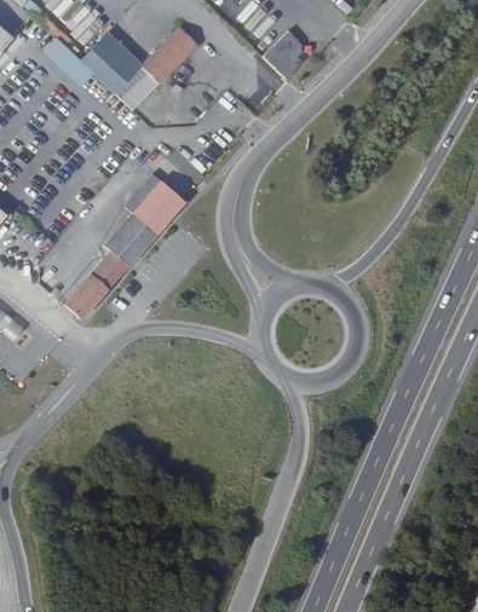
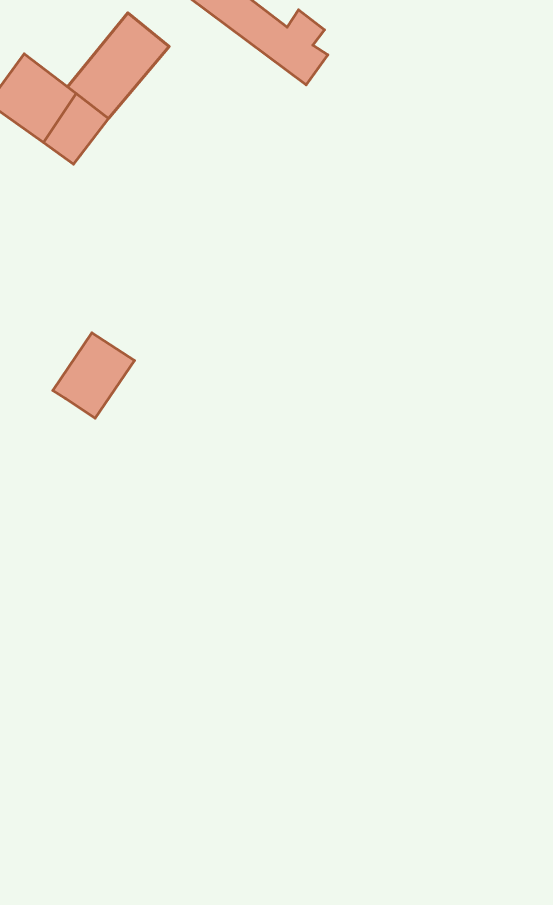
building: [122,178,182,237] -> none
building: [71,255,126,313] -> none

